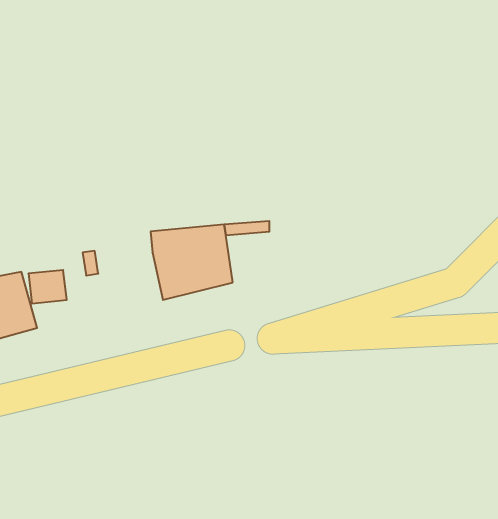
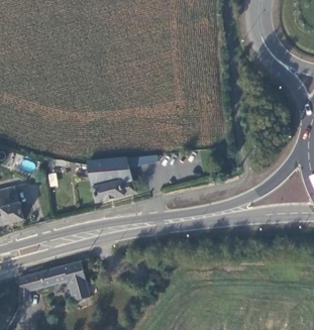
building: none -> [19,261,90,301]

